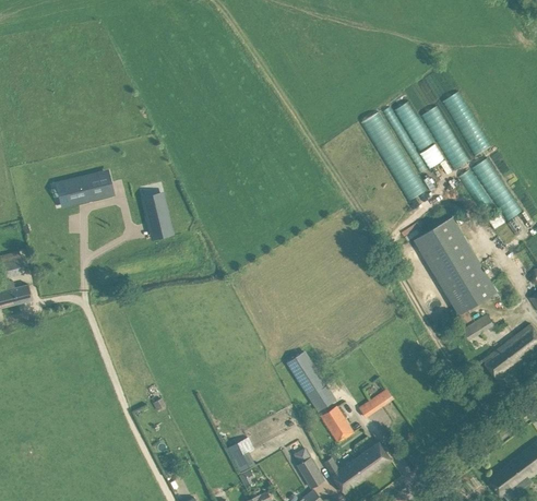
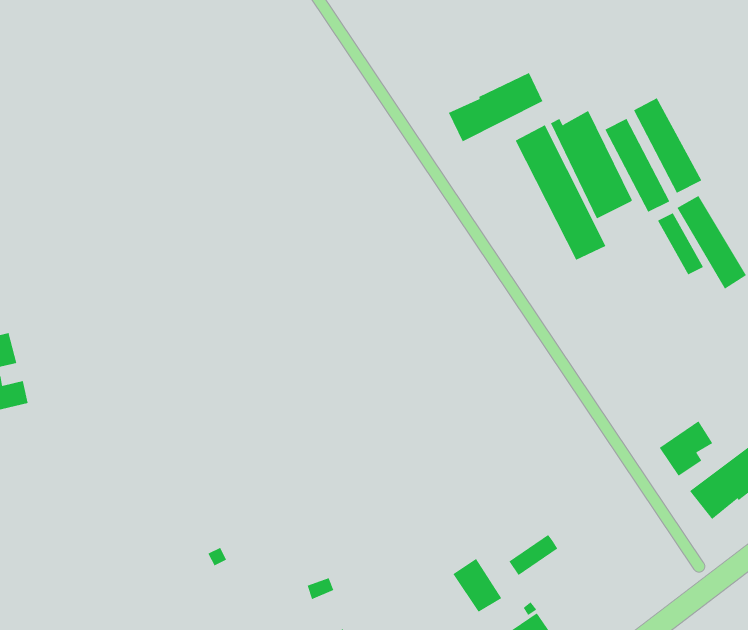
building: none -> [448,72,543,142]
building: [63,172,110,202] -> none
building: [142,193,170,238] -> none
building: [414,216,497,314] -> none
building: [286,351,334,410] -> none

